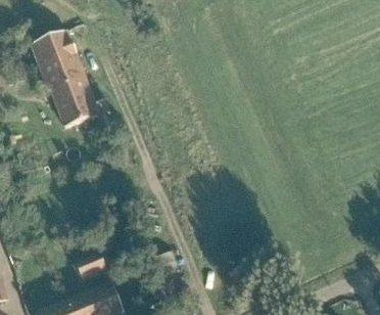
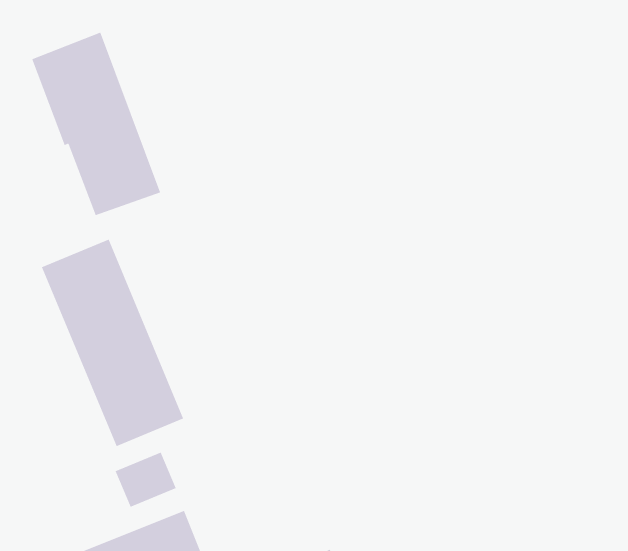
building: none -> [41,238,184,447]

